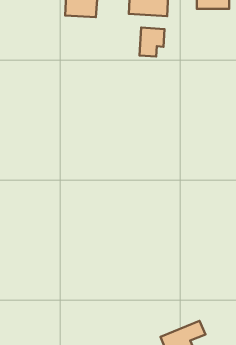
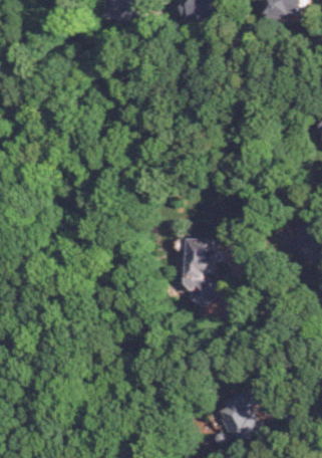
building: [139,27,165,57] -> none
building: none -> [185,240,214,303]

